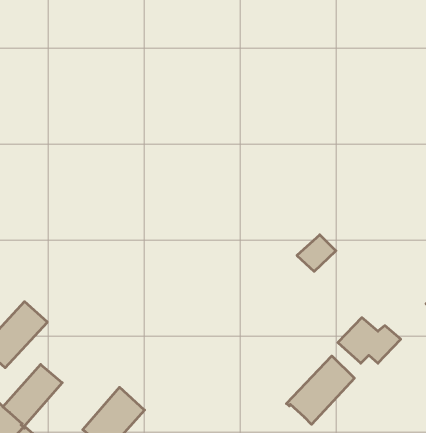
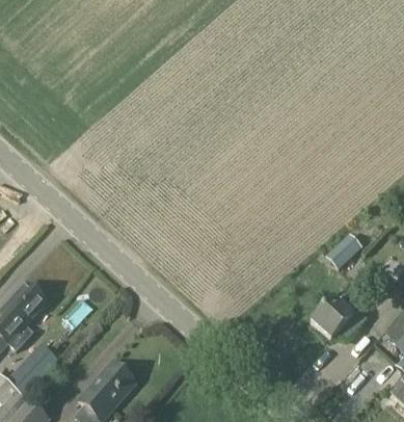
building: [297,235,336,271] -> [327,232,362,265]
building: [286,356,354,424] -> none

